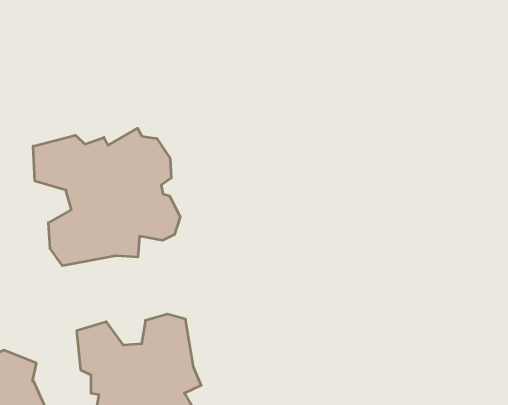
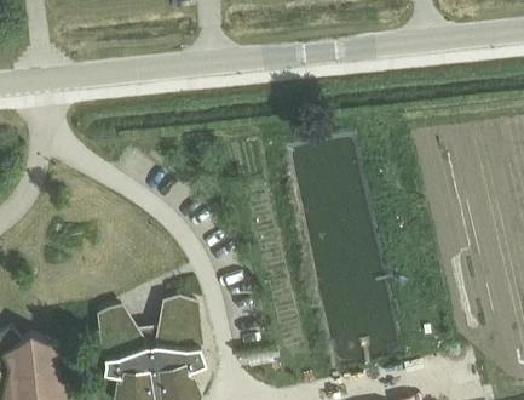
building: [33,128,180,266] -> none

